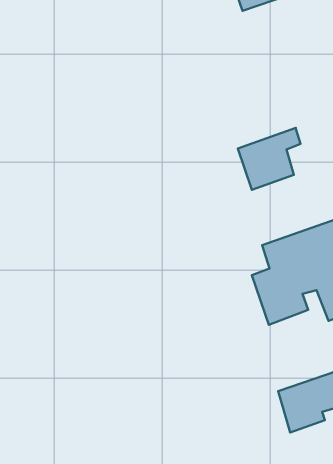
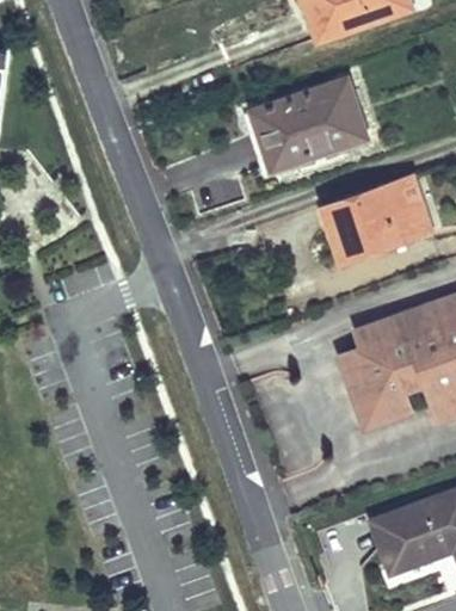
building: none -> [251,78,363,163]
building: none -> [384,178,426,241]

